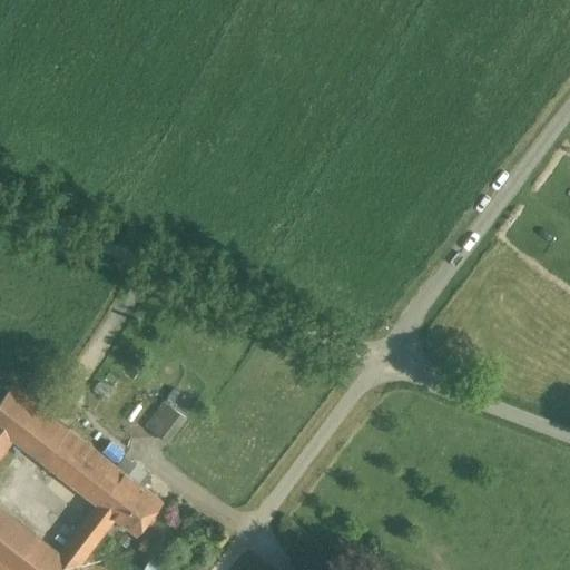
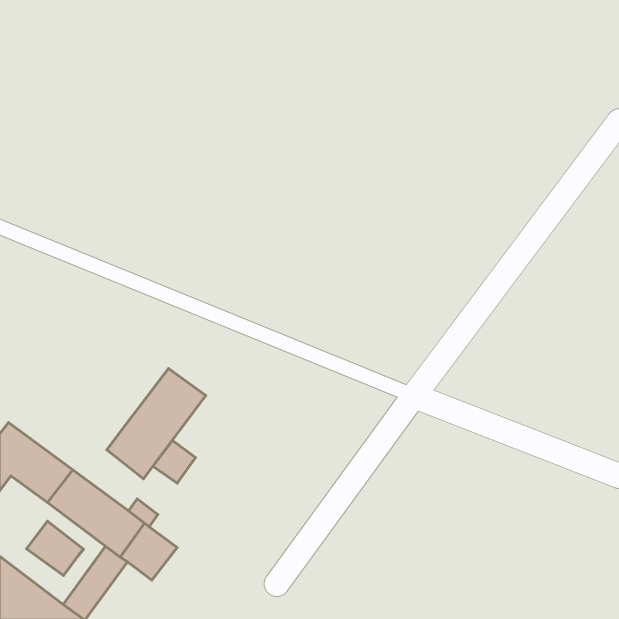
building: none -> [107,368,206,479]
building: none -> [27,521,84,576]

